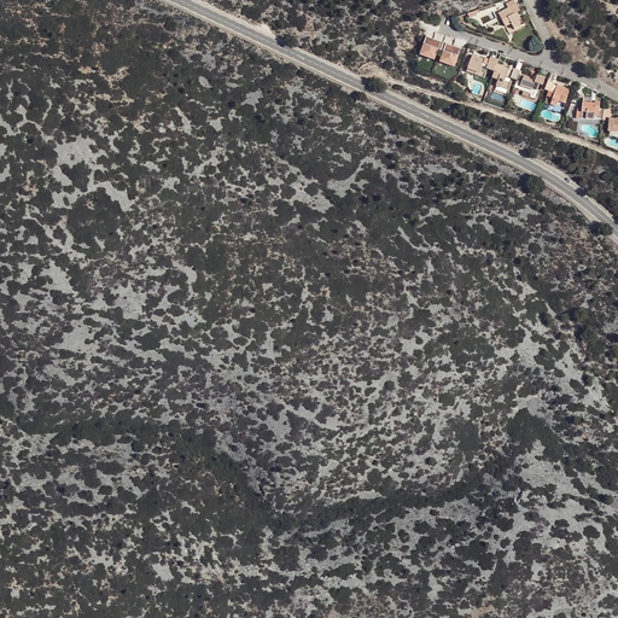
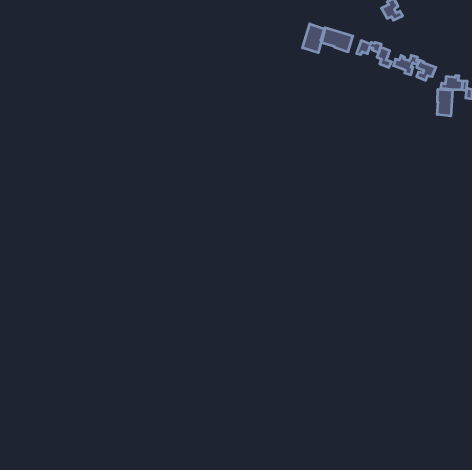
building: none -> [302,24,324,53]
building: none -> [437,89,452,116]

